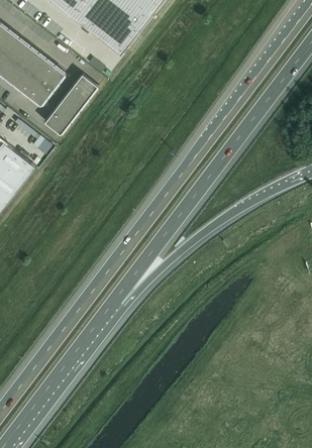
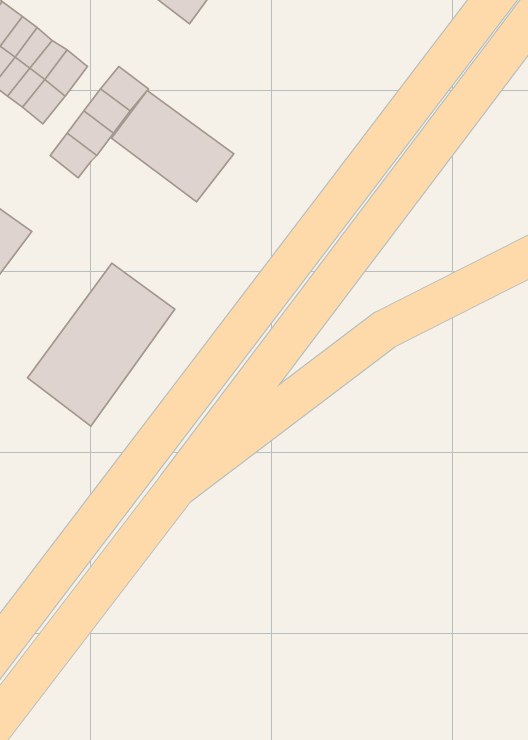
building: none -> [111,90,234,202]
building: none -> [28,263,175,426]

